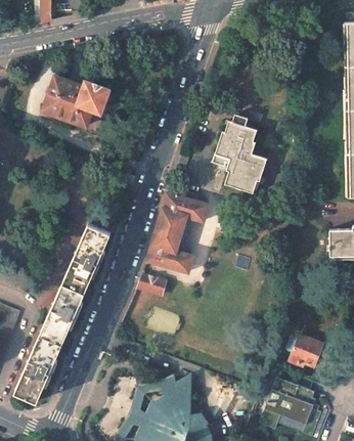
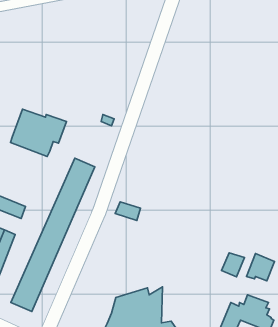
building: [40,77,105,132] -> [10,109,66,156]
building: [214,121,266,193] -> none
building: [146,192,207,272] -> none
building: none -> [222,253,245,277]

